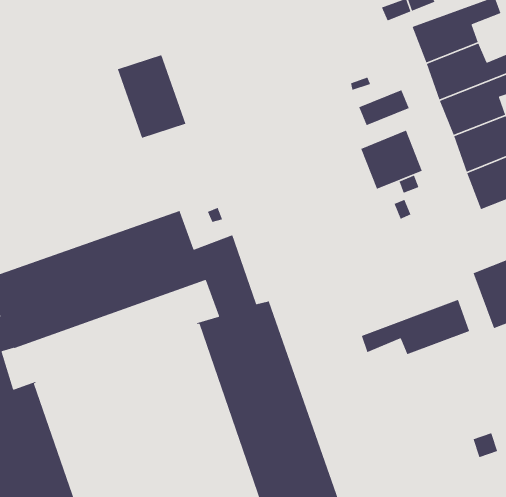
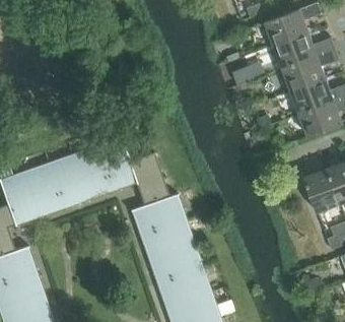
building: [117,54,186,139] -> none
building: [360,129,423,190] -> none
building: [361,299,470,355] -> none

